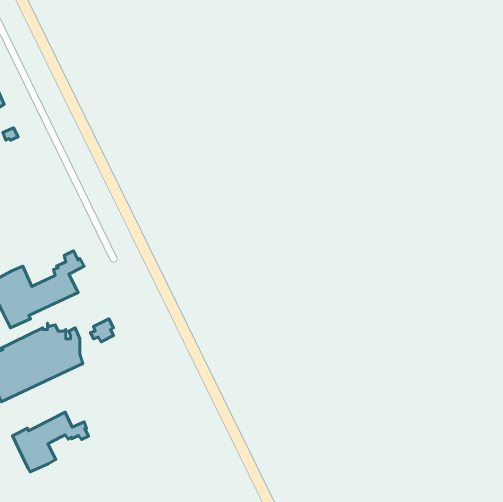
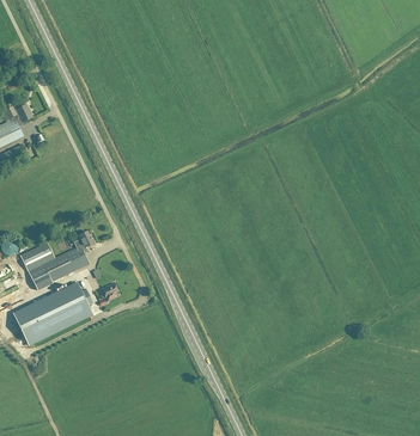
building: [13,412,89,472] -> none

